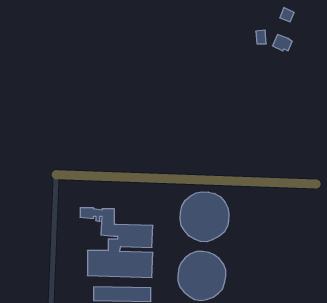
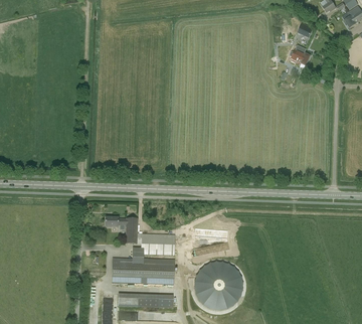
building: [180,192,229,242] -> none

